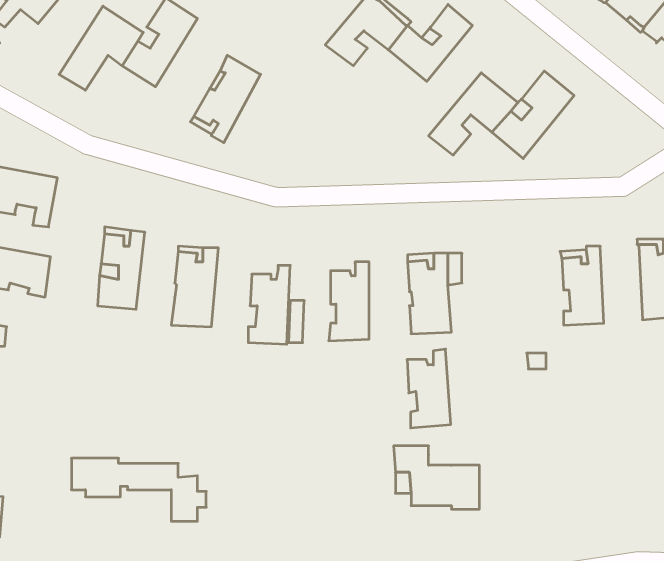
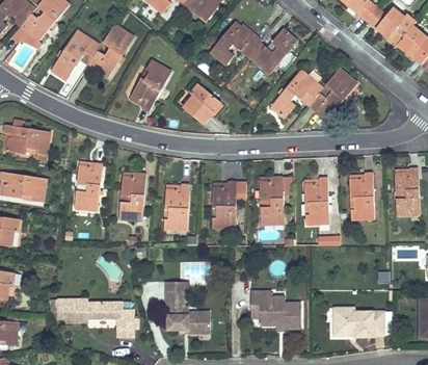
building: none -> [182,83,220,124]
building: [407,349,451,428] -> [303,178,329,225]
building: none -> [164,290,210,333]
building: none -> [333,306,383,335]

